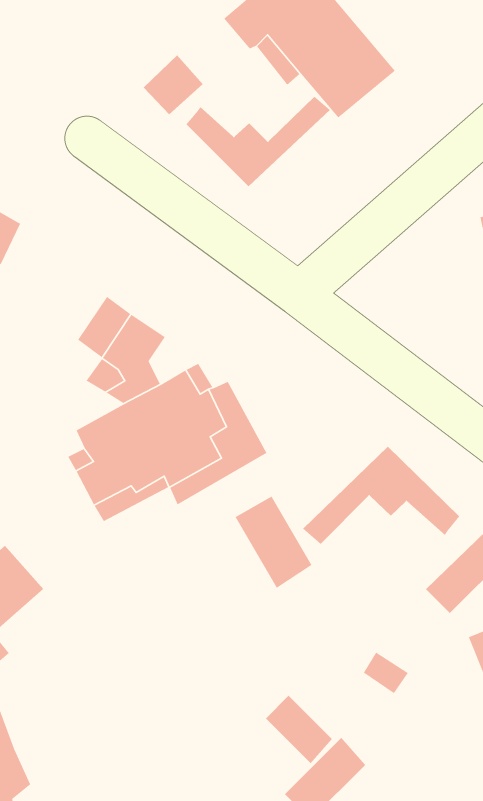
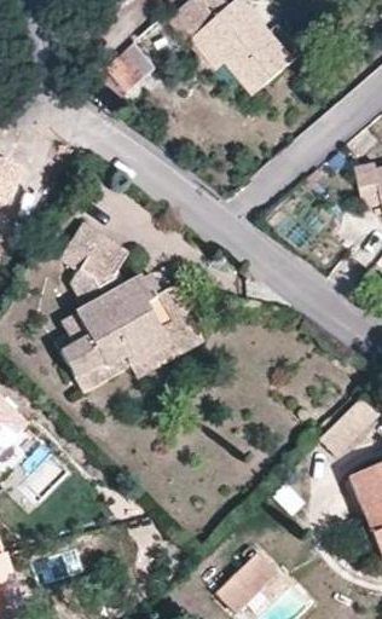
building: [186,96,331,187] -> none
building: [302,446,460,545] -> none
building: [235,495,312,589] -> none
building: [265,695,333,764] -> none

